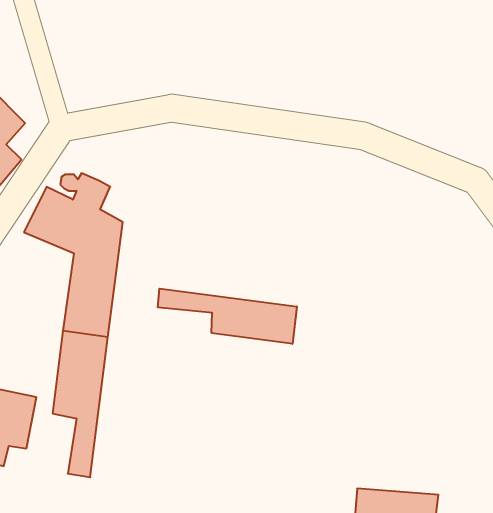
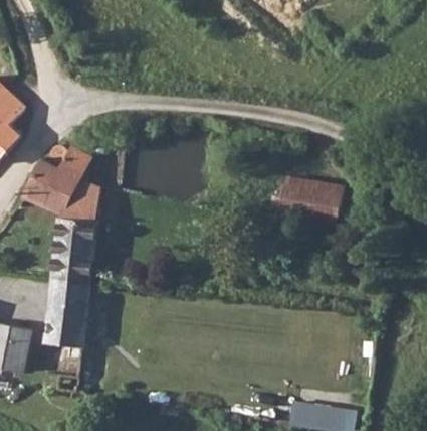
building: none -> [275,175,344,228]
building: [158,289,297,344] -> none

